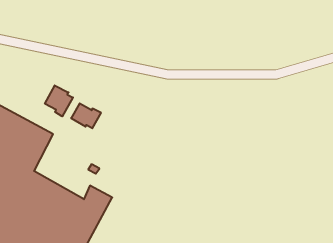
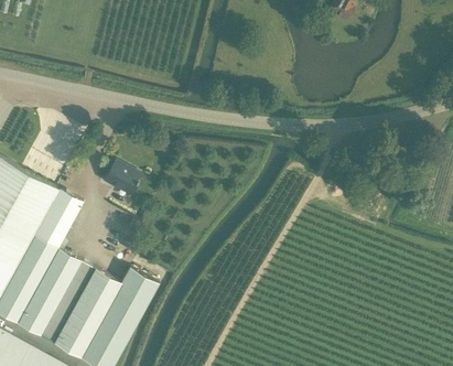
building: [45,85,73,116] -> none

